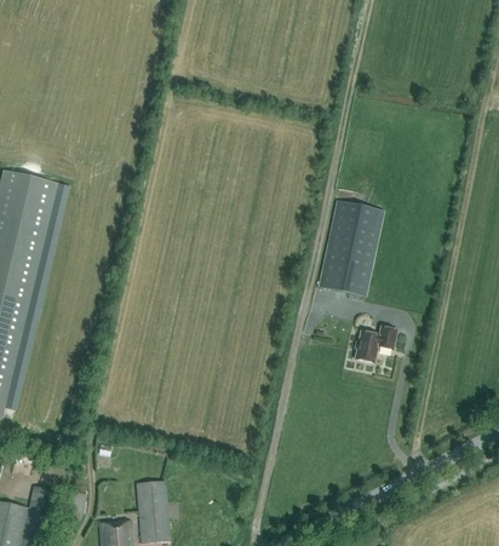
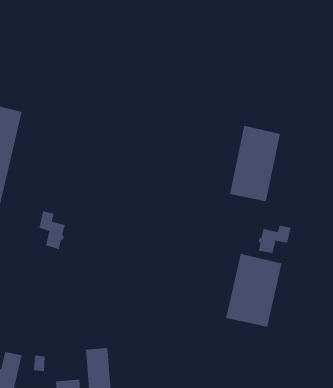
building: none -> [39,211,65,250]
building: none -> [225,253,282,327]

